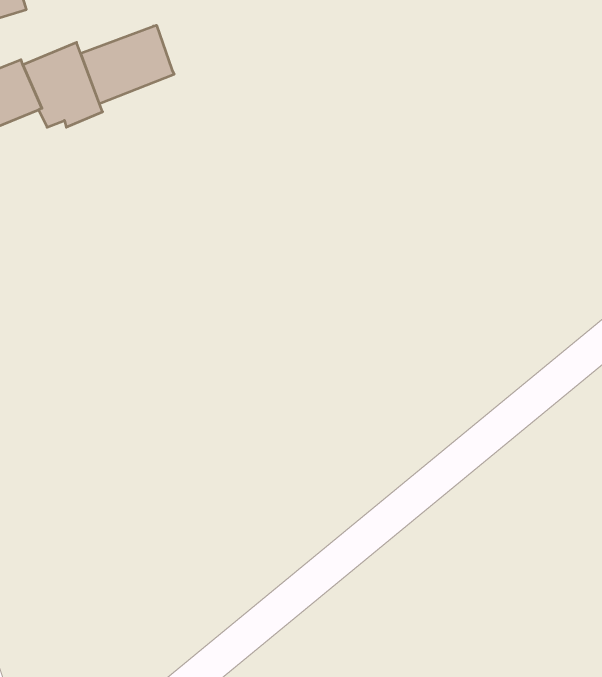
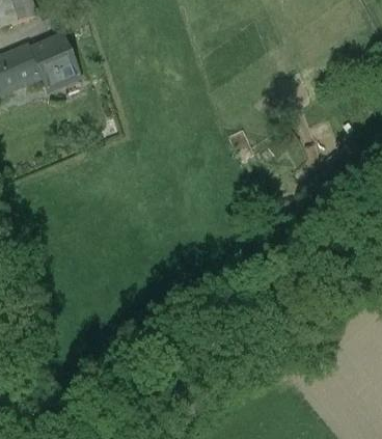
building: [81,25,174,104] -> none

